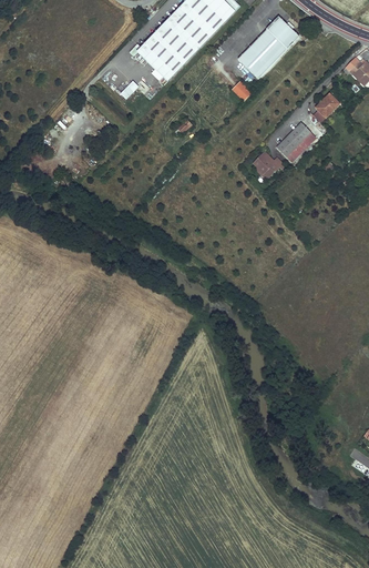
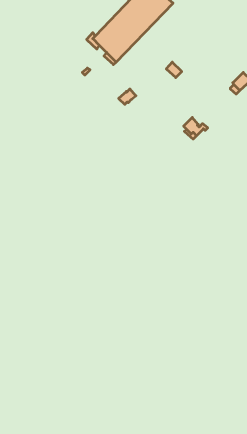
building: [238,17,298,78] -> none
building: [277,121,317,155] -> none

